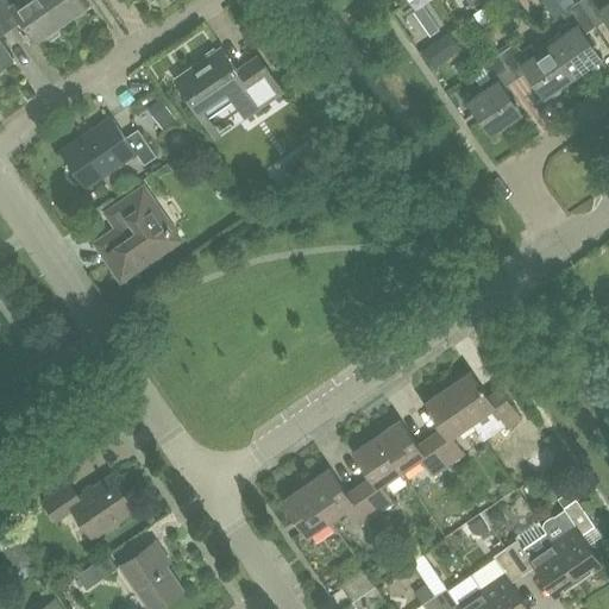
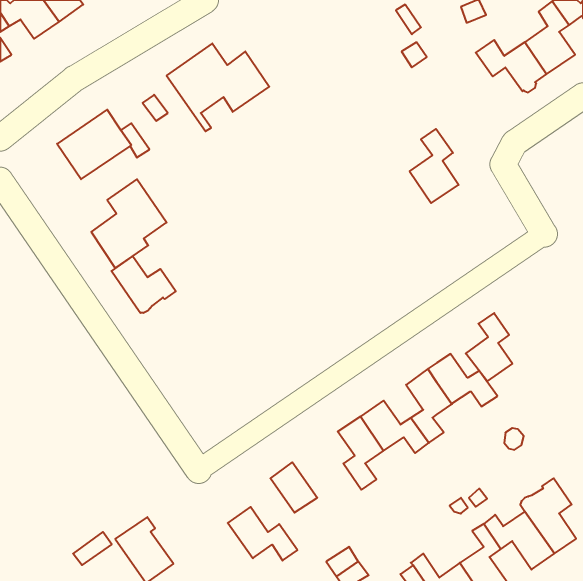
building: [469,57,520,134] -> [410,129,459,203]
building: none -> [111,256,176,313]
building: none -> [466,313,512,381]
building: [304,467,377,523] -> [228,507,297,561]
building: [43,473,134,538] -> none

